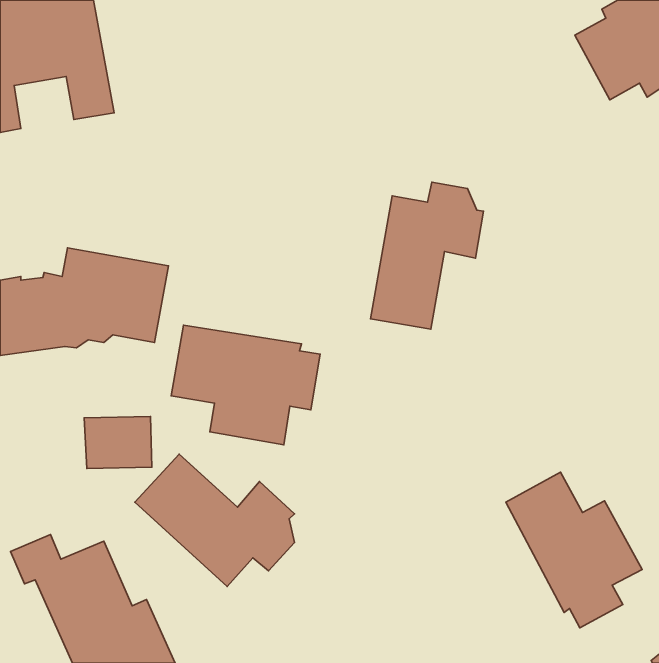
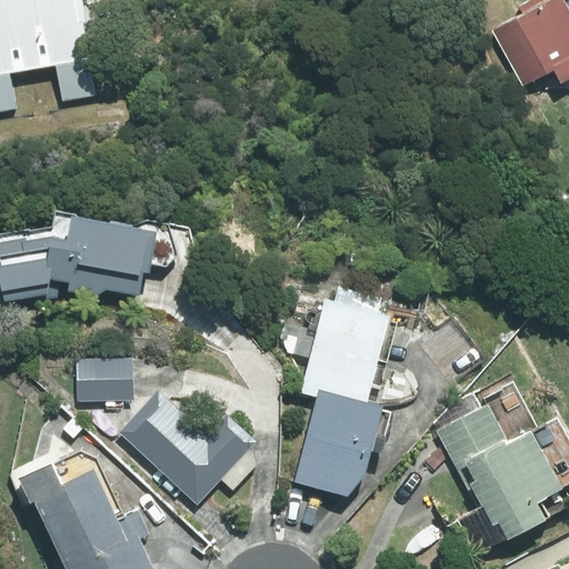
building: [371,182,484,329] -> none
building: [171,325,320,445] -> none
building: none -> [297,301,383,490]

